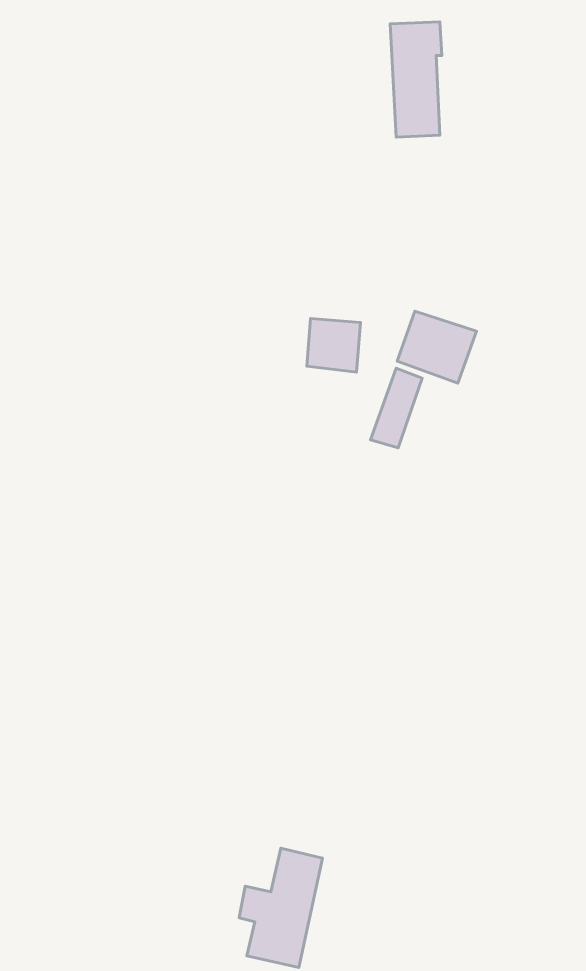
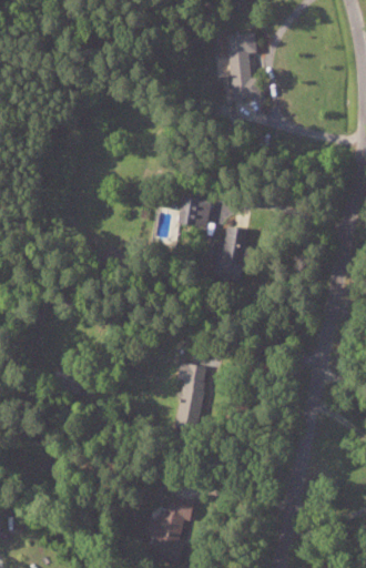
building: [397,311,477,383] -> none
building: none -> [179,361,211,418]

